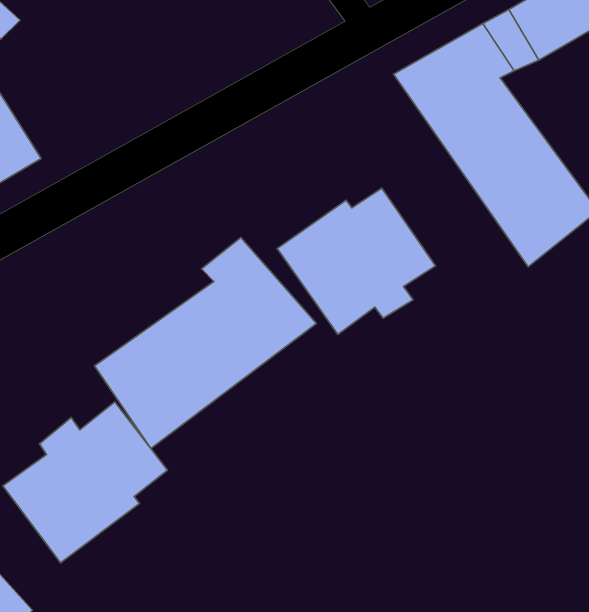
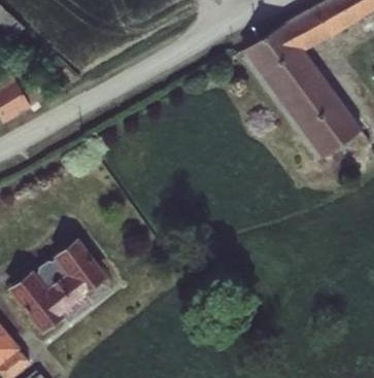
building: [277,188,435,335] -> none
building: [95,238,316,449] -> none

